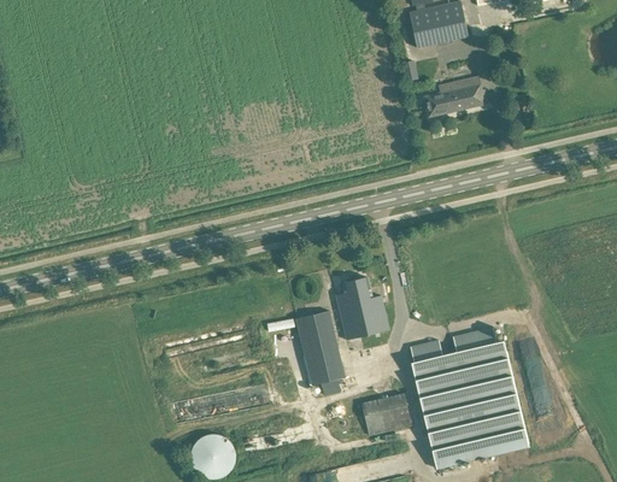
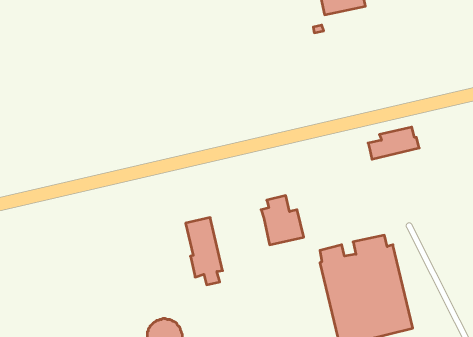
building: [423,76,488,117] -> [368,127,419,159]
building: [296,308,343,394] -> [186,218,223,285]
building: [363,393,412,434] -> none

